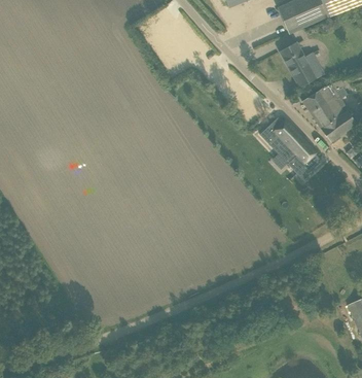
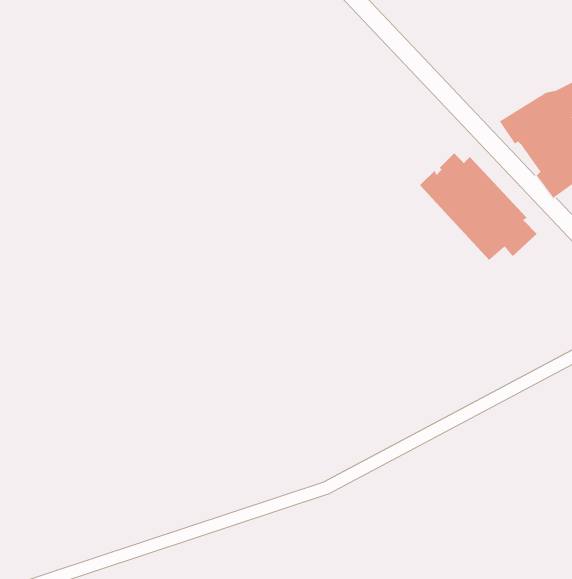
building: [280,41,316,87] -> none

